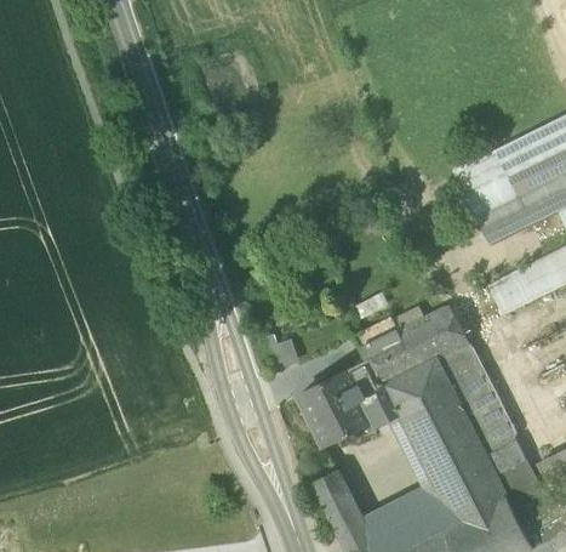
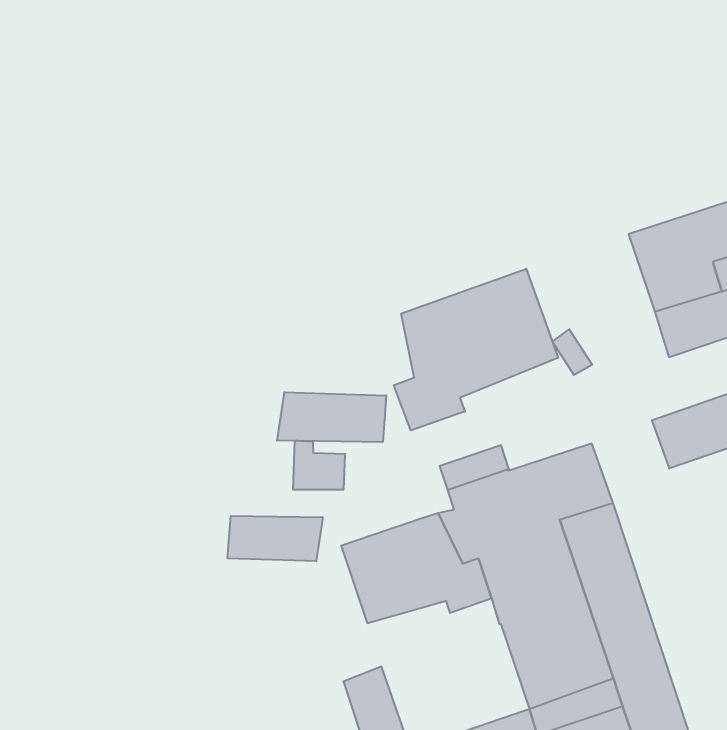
building: none -> [394,269,558,430]
building: none -> [277,392,386,442]
building: none -> [228,516,323,561]

